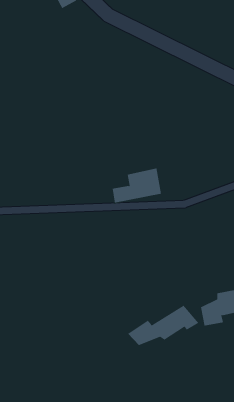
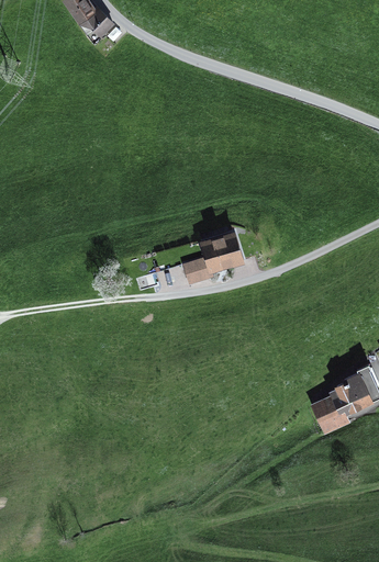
building: [127,305,199,346] -> none

